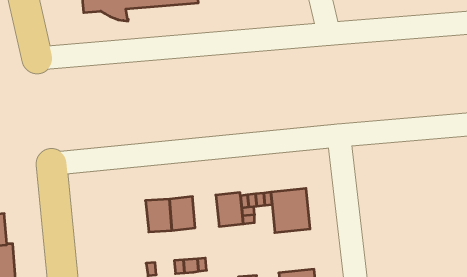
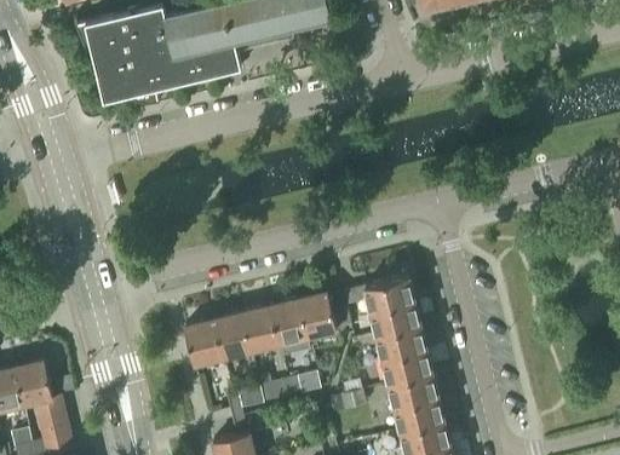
building: none -> [270,301,308,345]
building: none -> [184,321,223,365]
building: none -> [377,326,431,385]

